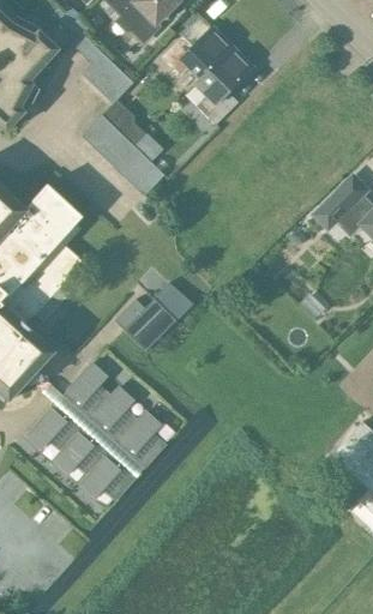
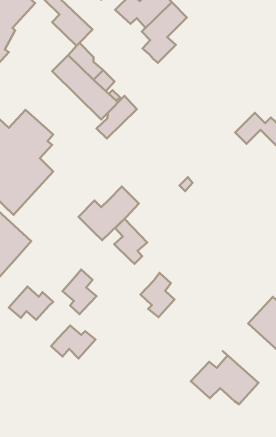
building: none -> [97,96,137,139]
building: none -> [114,219,147,264]
building: [68,363,110,420] -> none
building: [121,411,164,468] -> [141,273,175,317]
building: [54,433,109,475] -> none
building: none -> [191,351,259,404]

